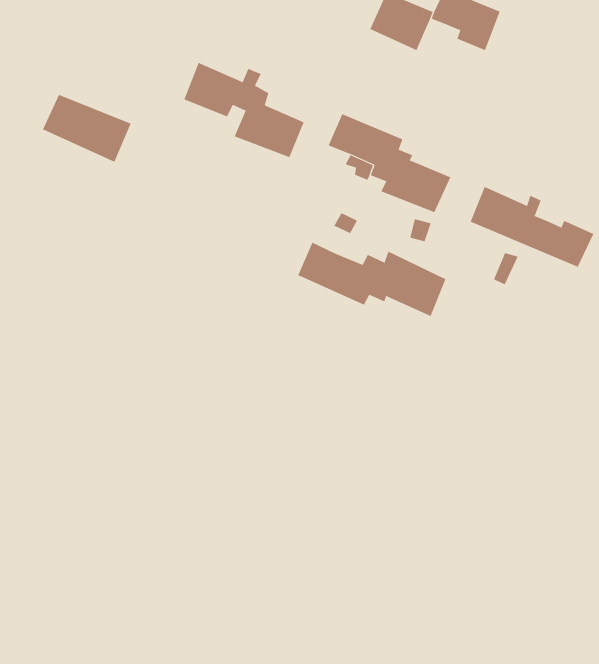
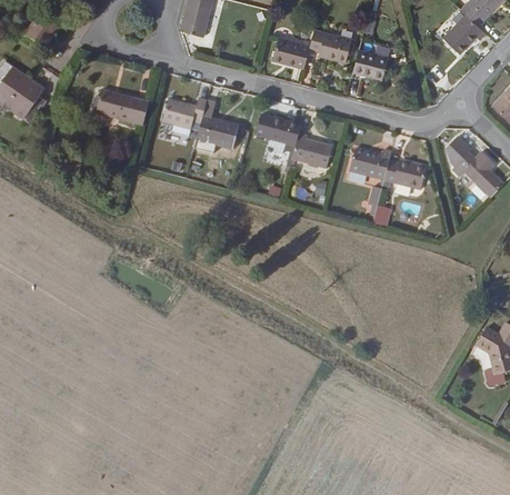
building: none -> [351,47,387,79]
building: [42,94,132,163] -> [97,89,151,126]
building: [297,242,446,317] -> none

